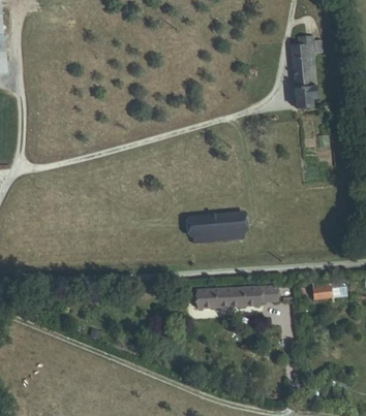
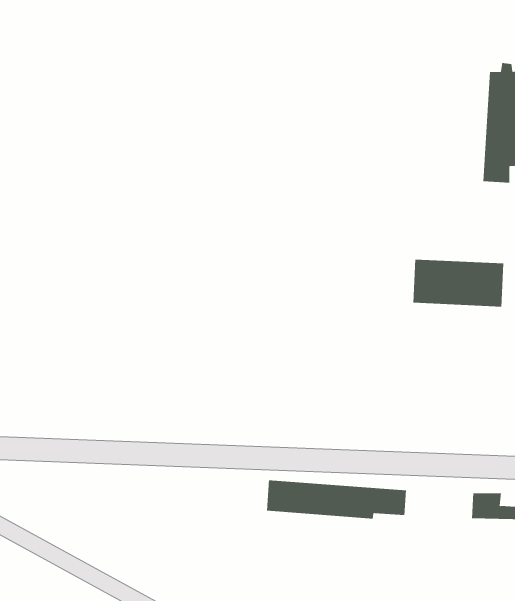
building: [192,214,245,243] -> [413,259,504,307]

